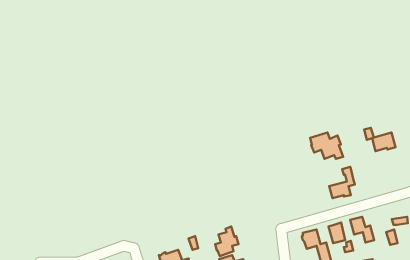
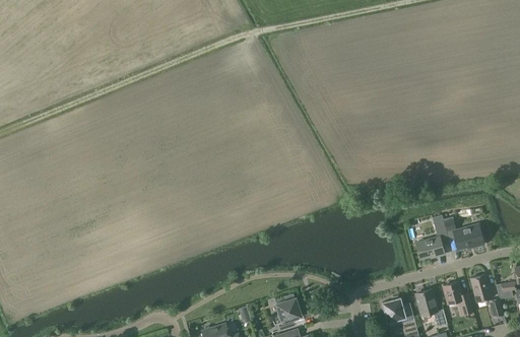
building: [364,128,396,151] -> [444,218,483,248]
building: [310,132,343,159] -> none
building: none -> [470,274,493,301]

